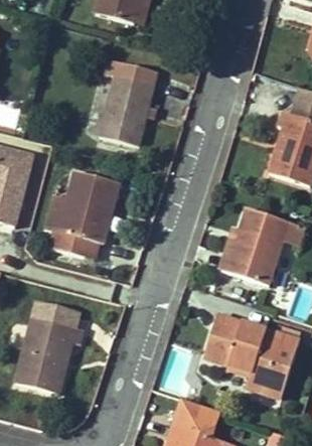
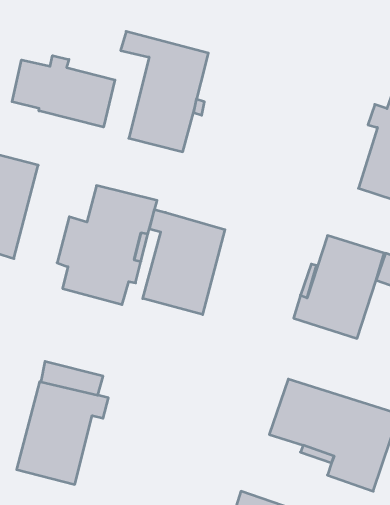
building: none -> [12,56,115,127]
building: none -> [143,209,225,315]

